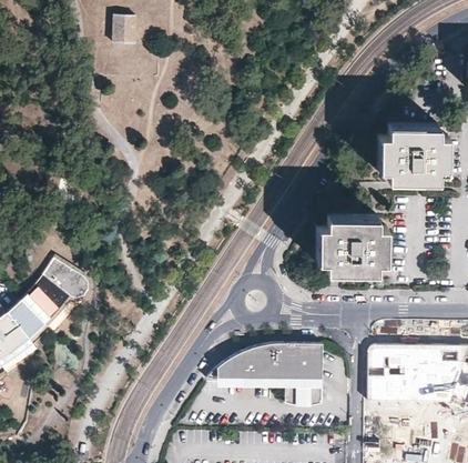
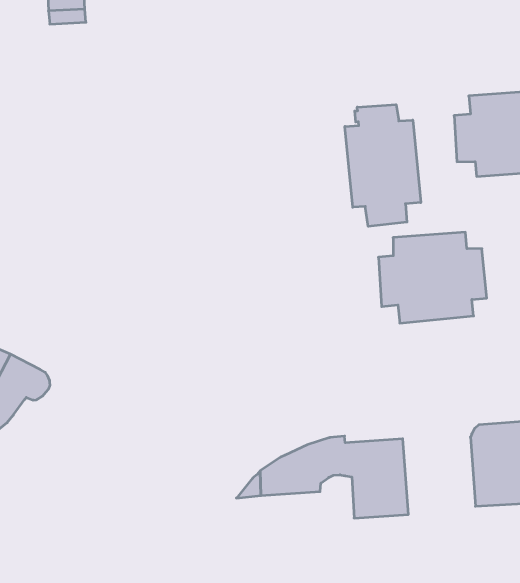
building: none -> [345,105,421,226]

